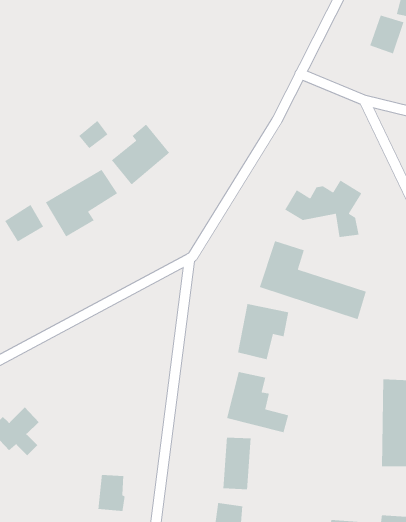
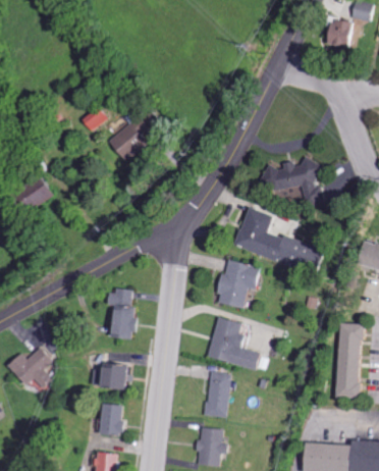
building: [45,169,118,238] -> none
building: none -> [108,287,138,339]
building: none -> [104,365,126,388]

